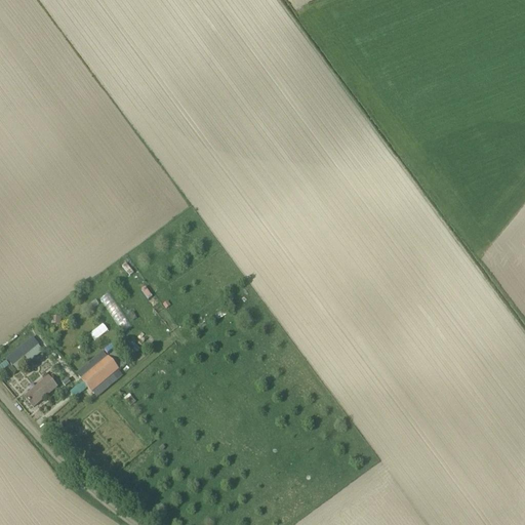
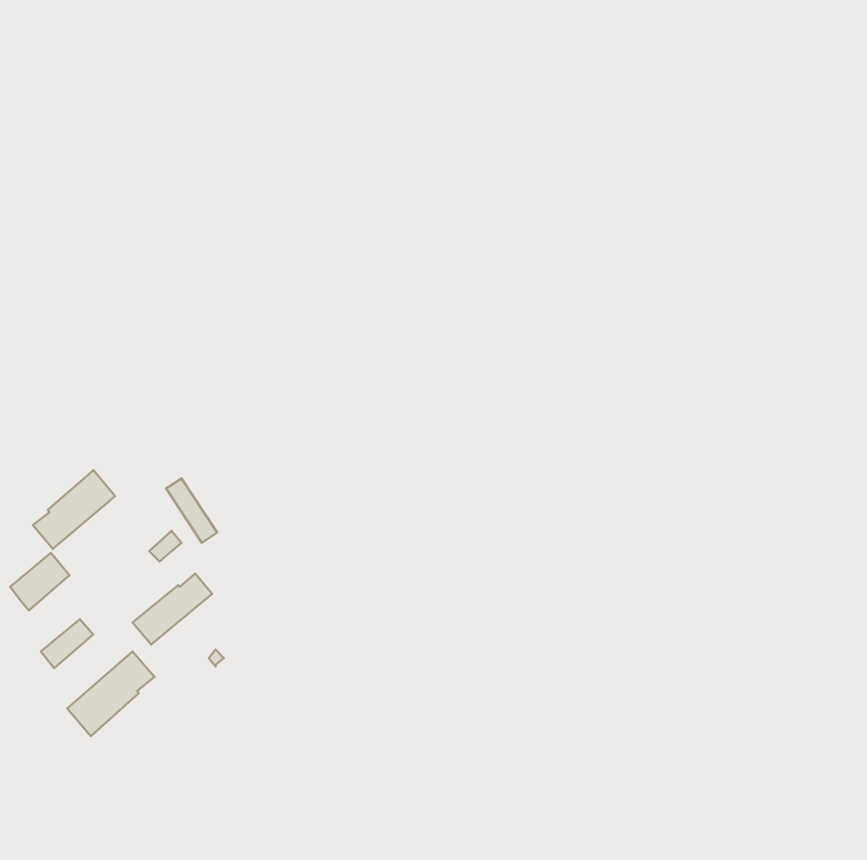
building: none -> [33,470,115,549]
building: none -> [67,652,154,736]

